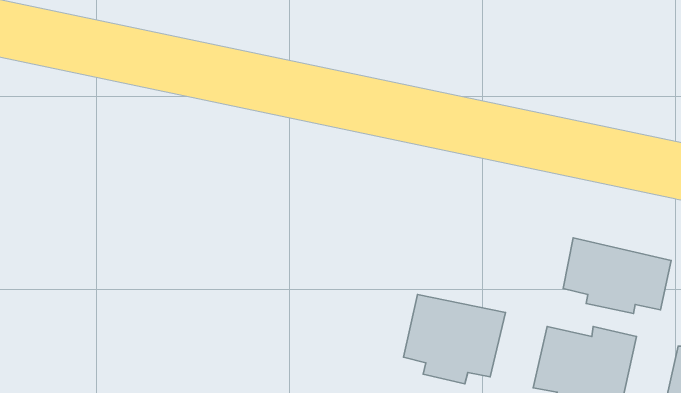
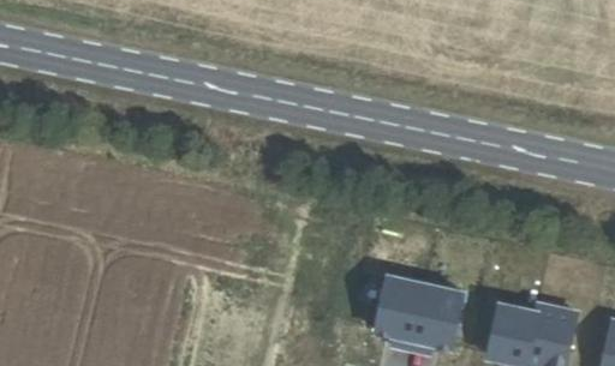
building: [563,238,671,313] -> none

